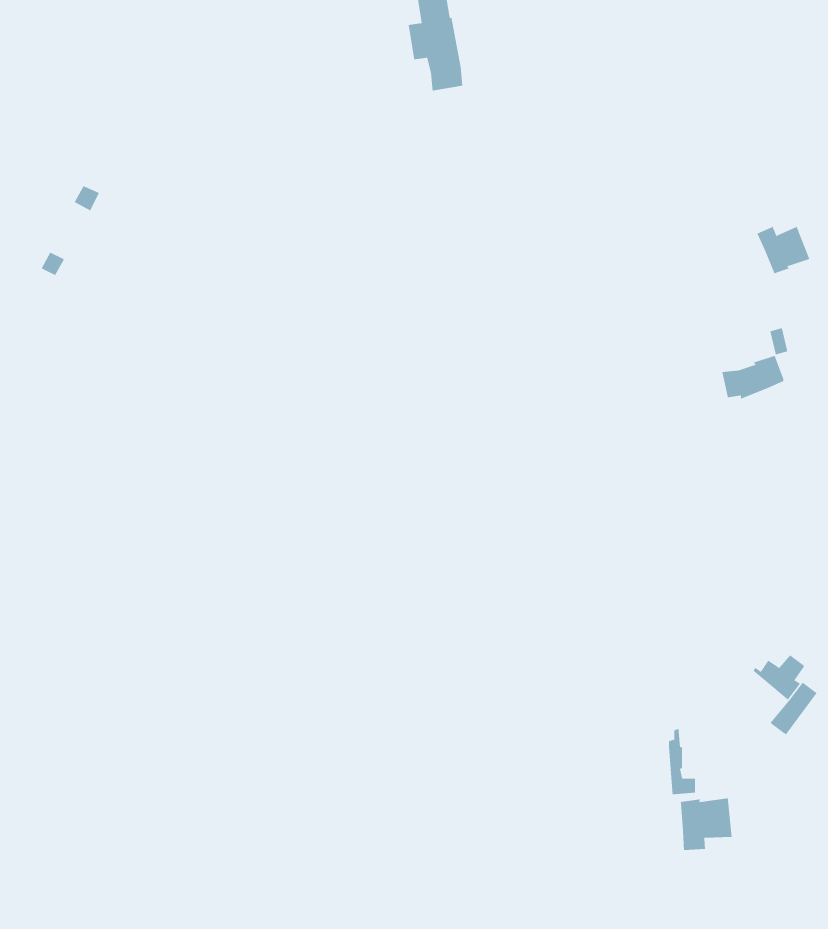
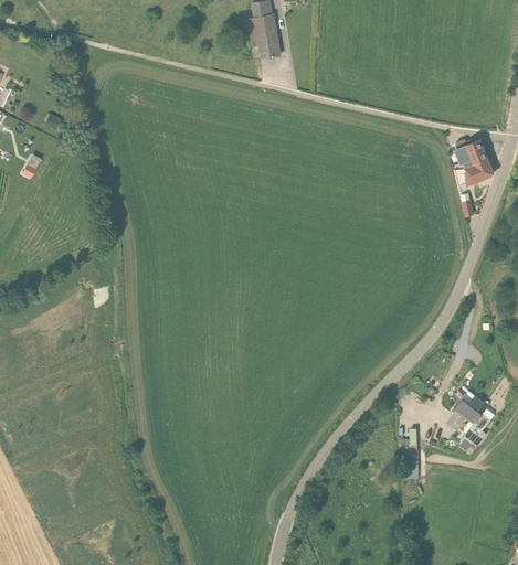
building: [722,355,784,400] -> [455,159,493,185]
building: [680,797,732,851] -> none

